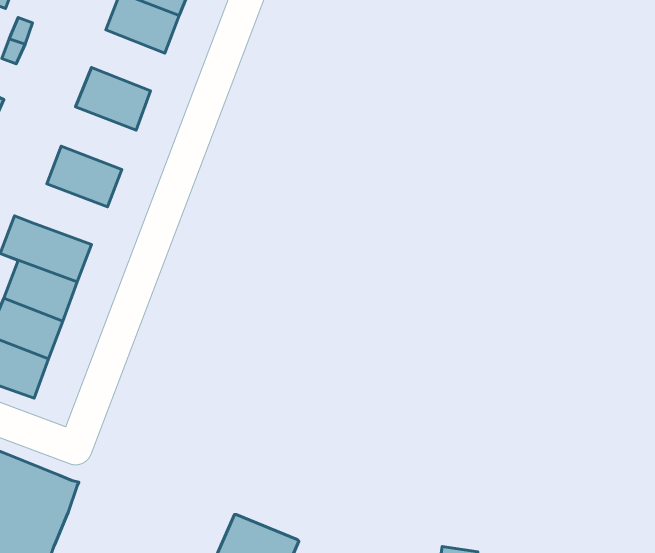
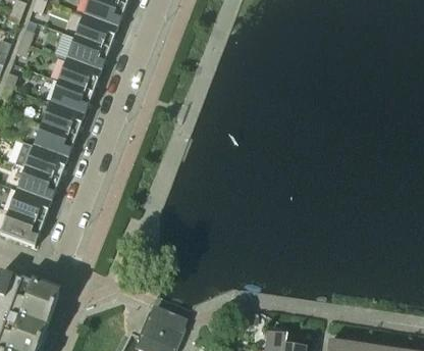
building: none -> [67,35,109,69]
building: none -> [50,79,93,114]
building: none -> [34,122,76,157]

